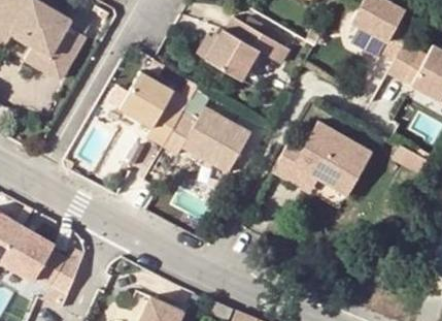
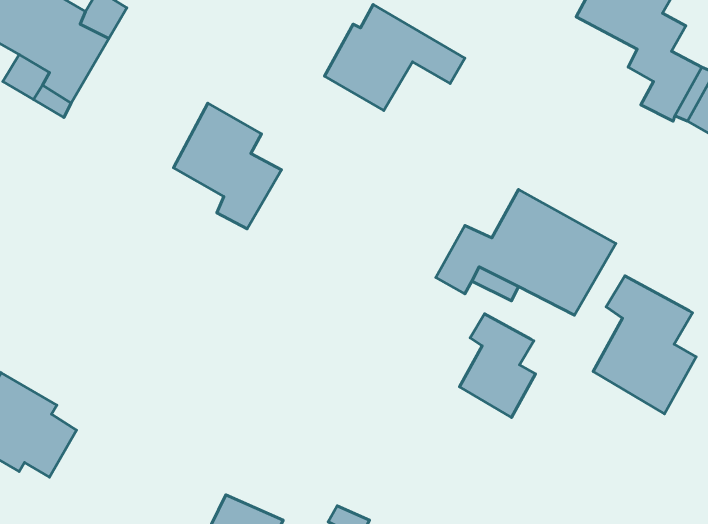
building: [162,107,250,172] -> none
building: none -> [593,276,696,414]
building: none -> [460,314,536,418]

